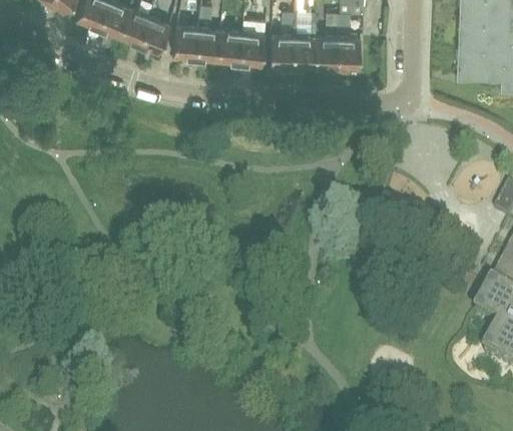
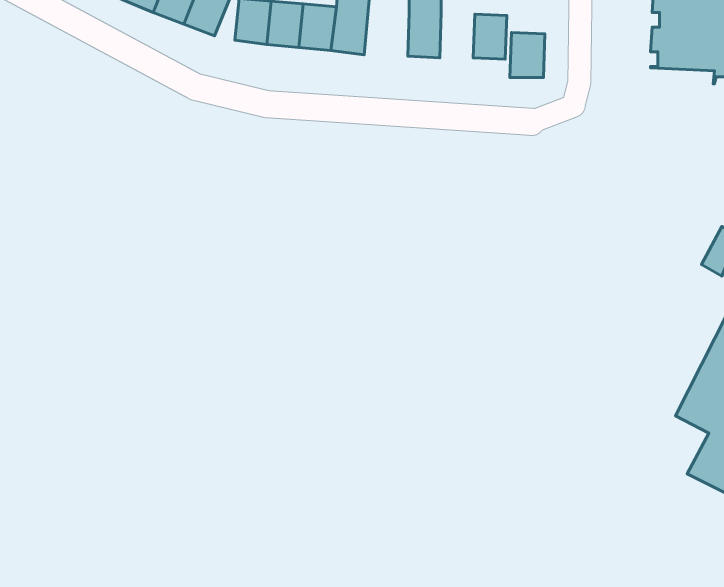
building: [270,33,293,64] -> none
building: [314,34,338,65] -> [510,32,545,78]

